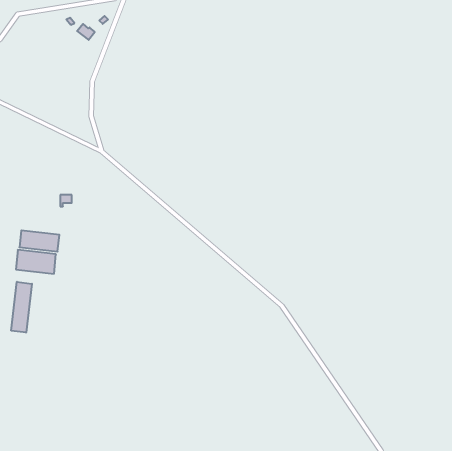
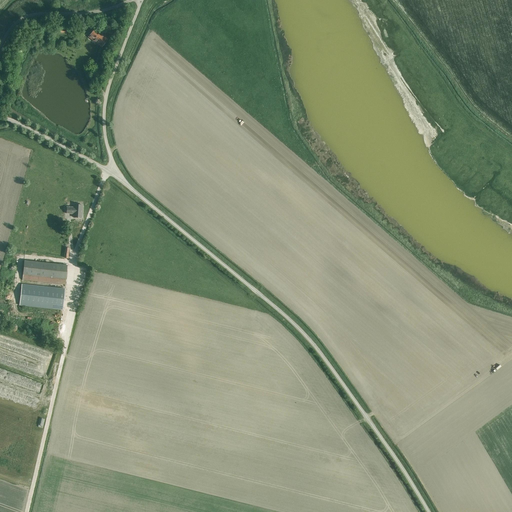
building: [11,282,32,333] -> none

